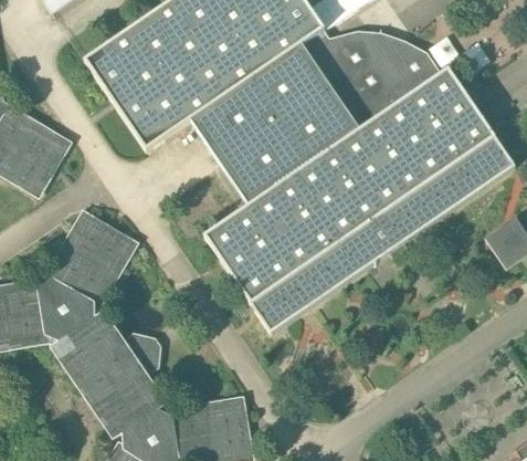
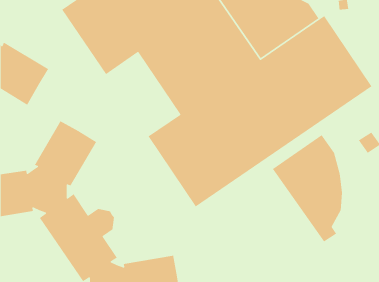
building: none -> [272,134,343,242]

